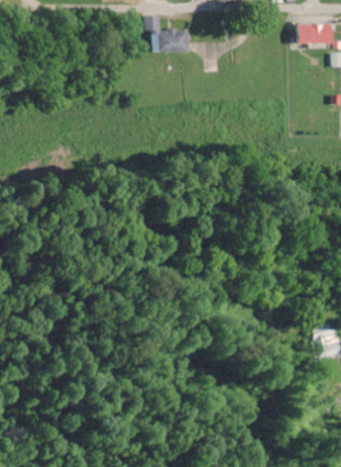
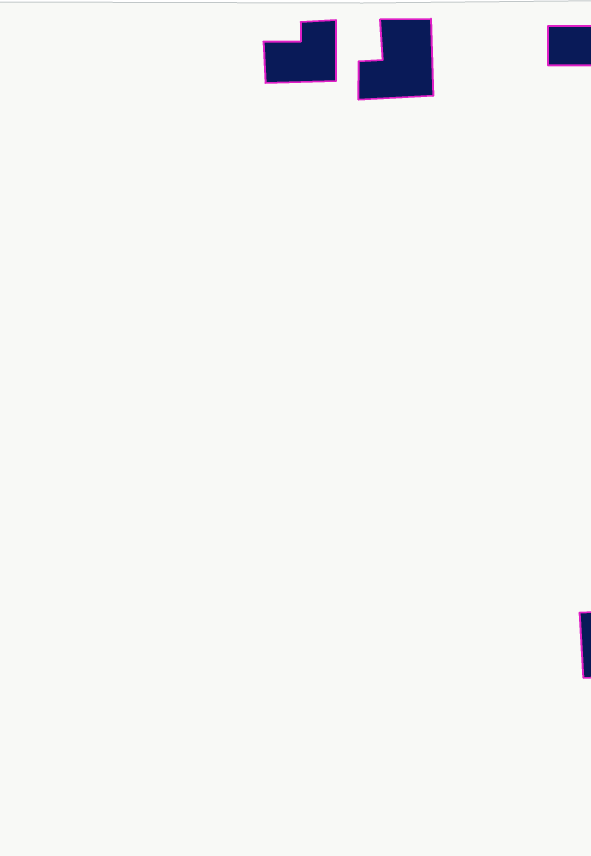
building: none -> [359,19,433,100]

